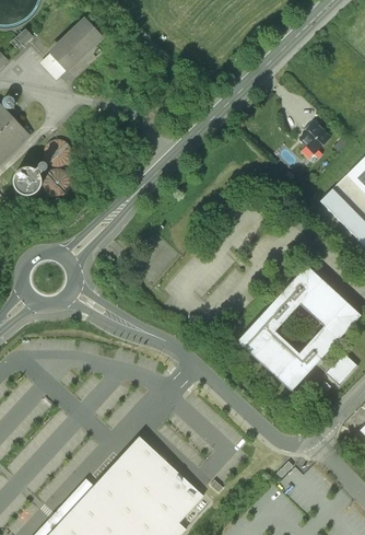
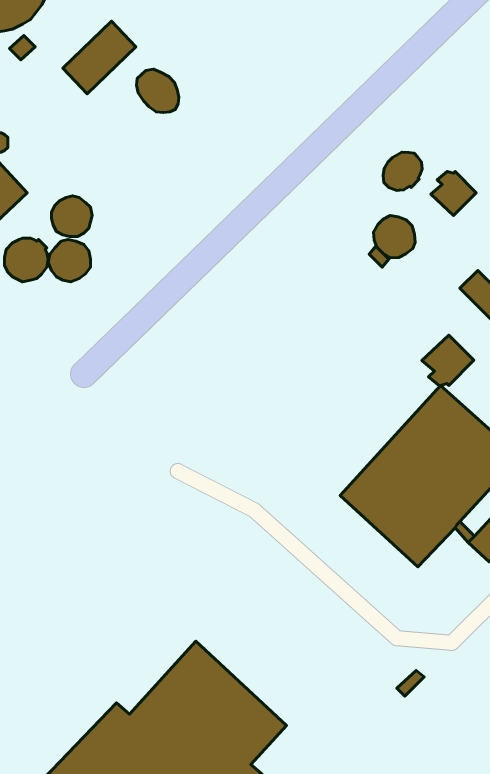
building: none -> [137,69,179,113]
building: none -> [383,152,422,191]
building: none -> [374,215,415,258]
building: none -> [422,335,474,386]

